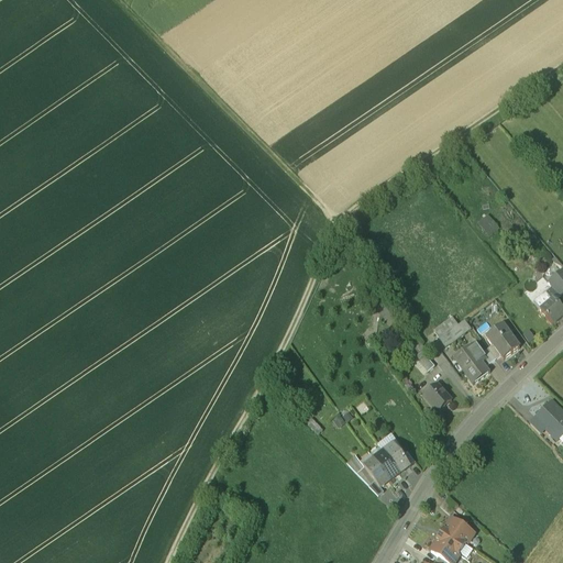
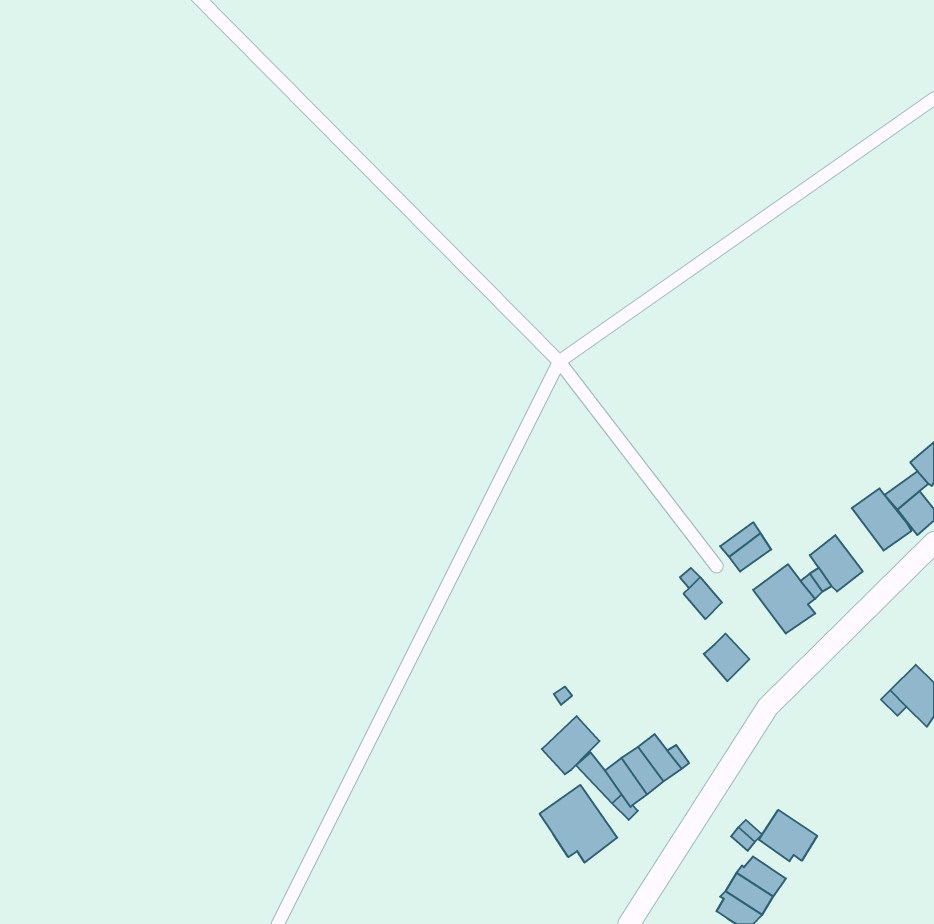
building: none -> [852,488,911,551]
building: none -> [542,716,600,774]
building: none -> [540,785,617,863]
building: none -> [759,810,817,861]

